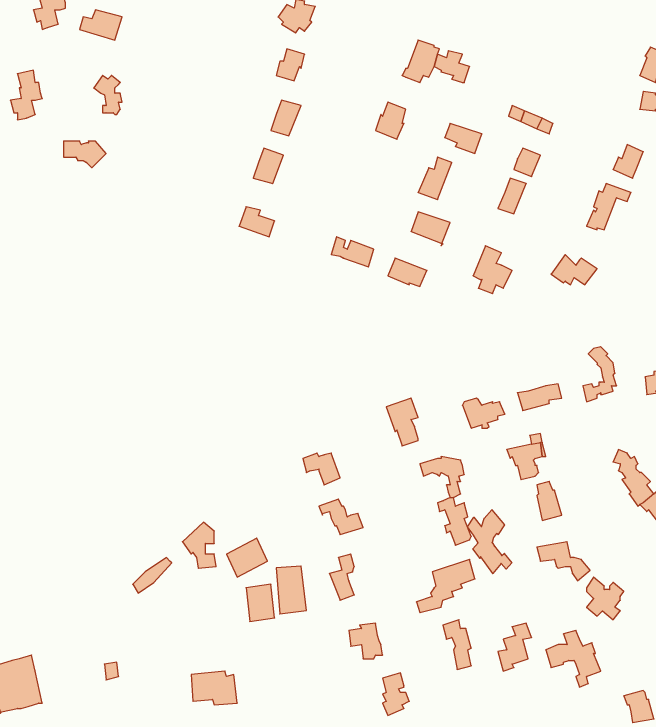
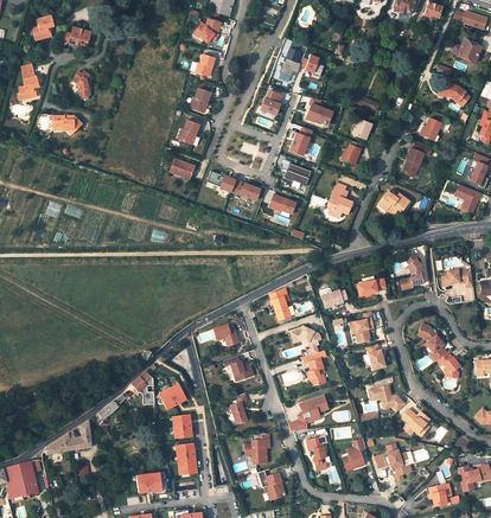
building: [467,510,512,574] -> none
building: [276,566,306,614] -> [178,442,198,474]
building: none -> [43,421,91,454]

